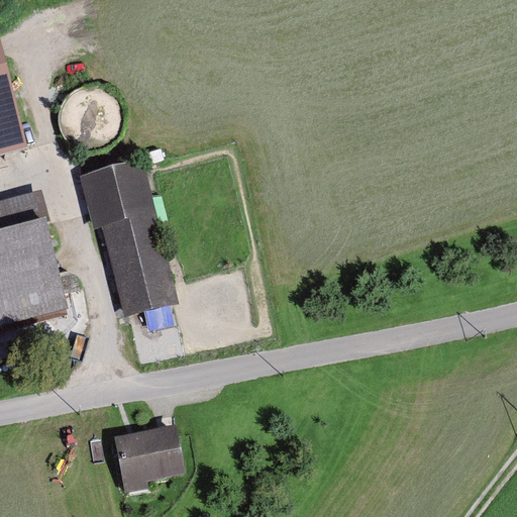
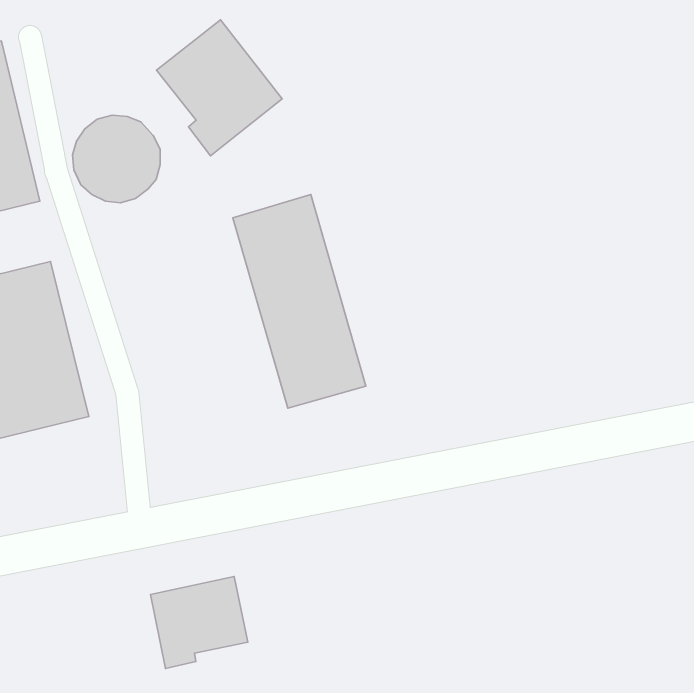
building: none -> [157,20,282,156]
building: [80,158,178,315] -> [233,195,366,408]

